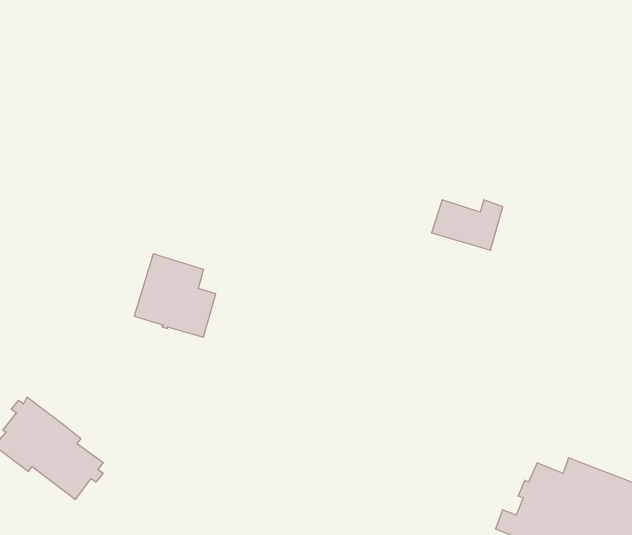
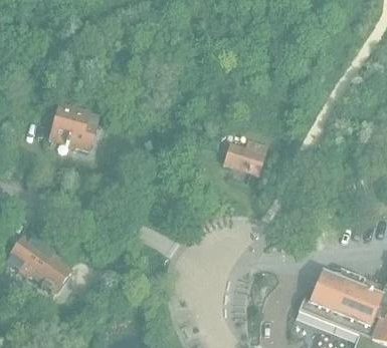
building: [432,200,503,250] -> [225,144,266,173]
building: [134,254,216,337] -> [49,102,96,150]

